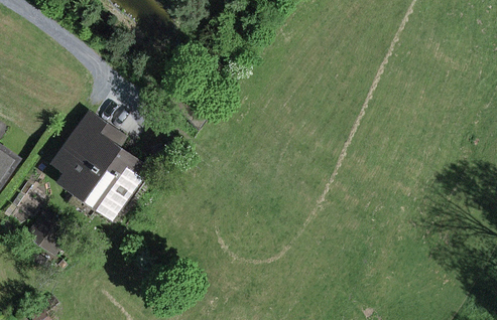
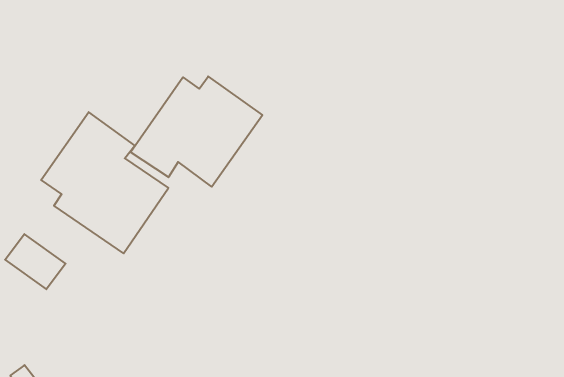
building: none -> [131,76,262,187]

